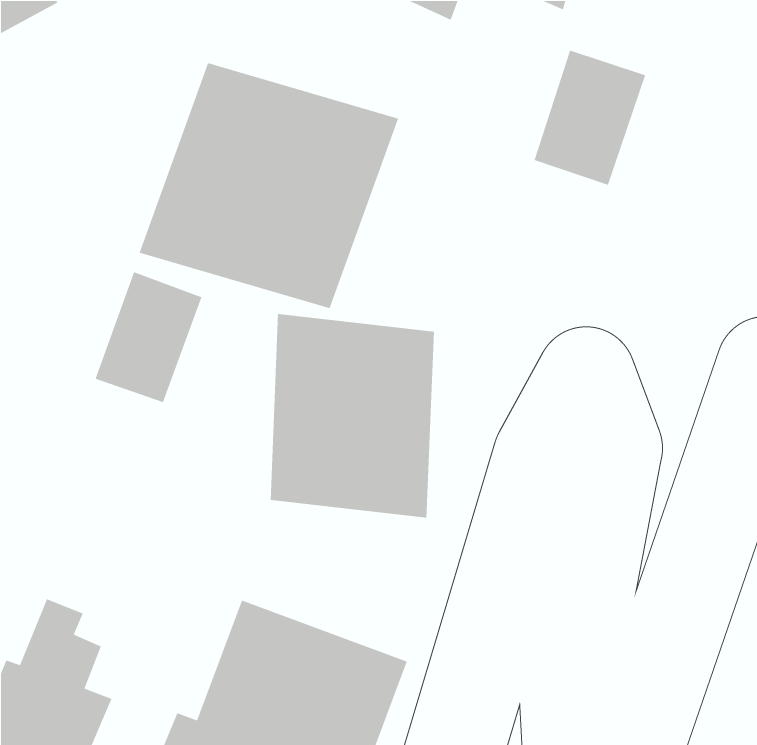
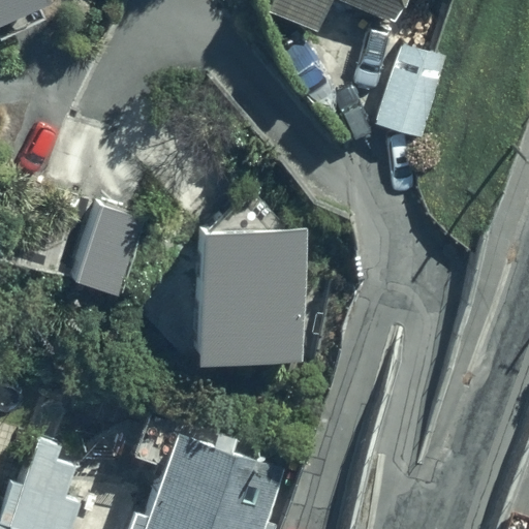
building: [138,62,399,309] -> none

